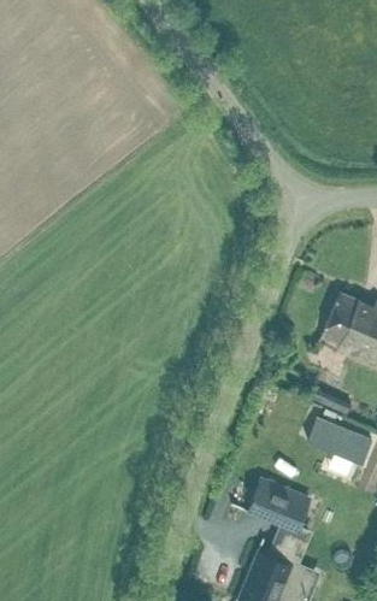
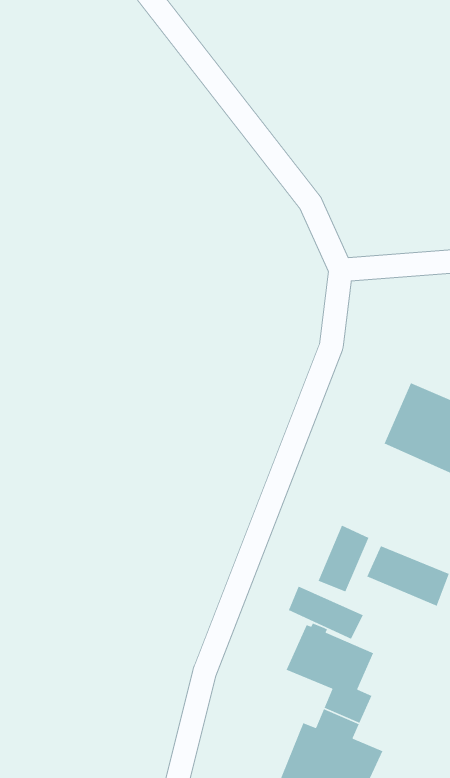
building: none -> [318,525,370,592]
building: none -> [288,585,364,640]

